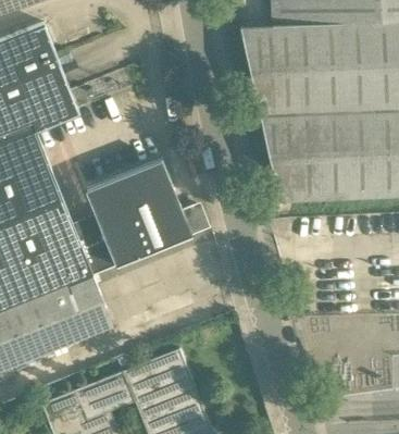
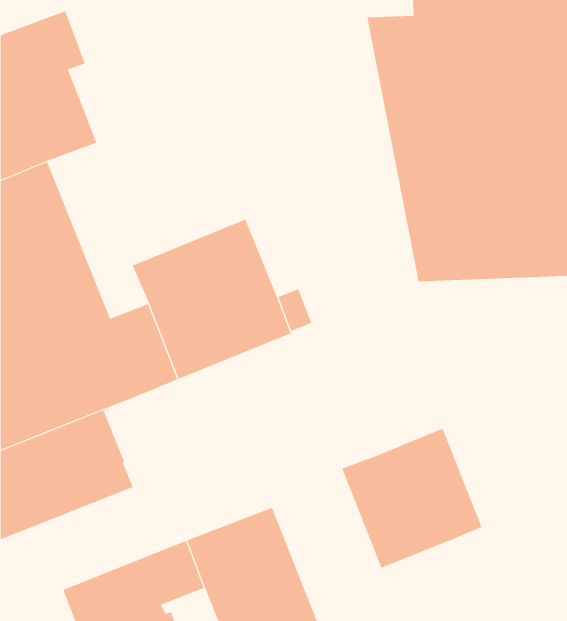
building: [32,57,82,137] -> none
building: [68,274,107,319] -> none
building: none -> [341,428,482,568]

